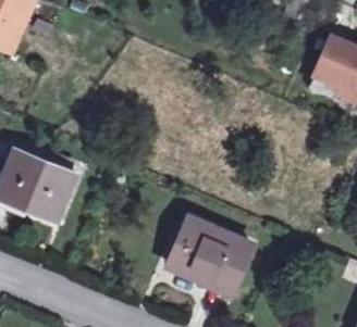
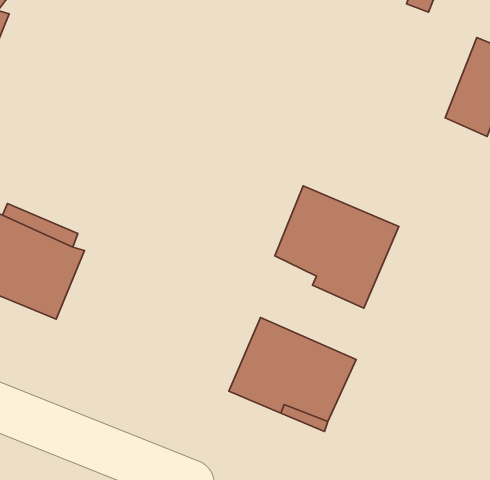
building: none -> [275,186,399,308]

